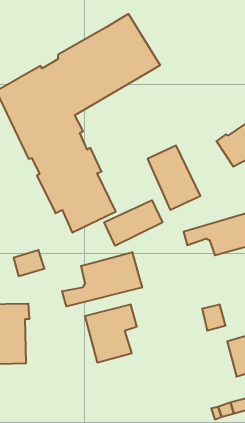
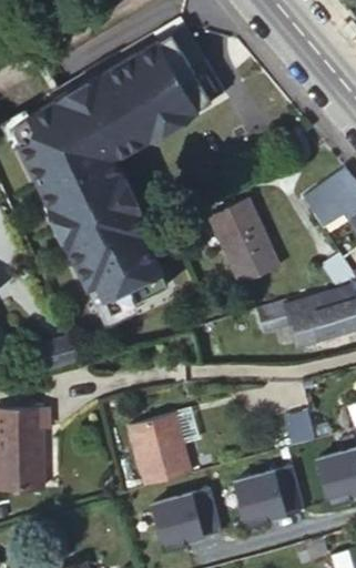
building: [104,200,162,246] -> none
building: [62,252,142,306] -> none
building: none -> [233,465,304,527]
building: none -> [151,488,221,550]

